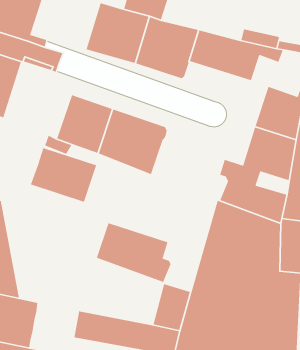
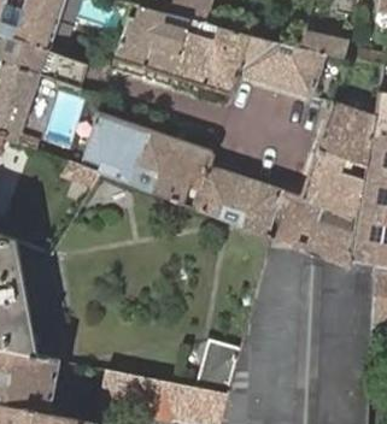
building: [30,147,97,203] -> none
building: [96,223,172,283] -> [193,167,283,240]

